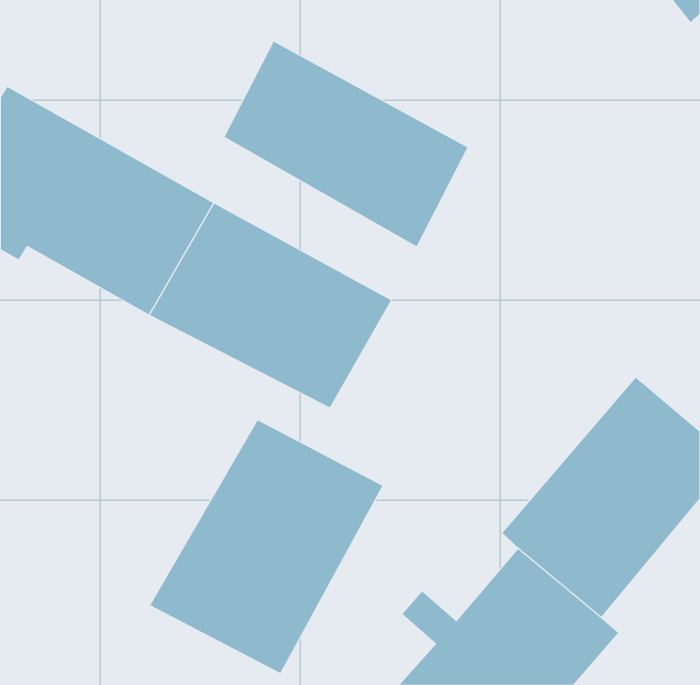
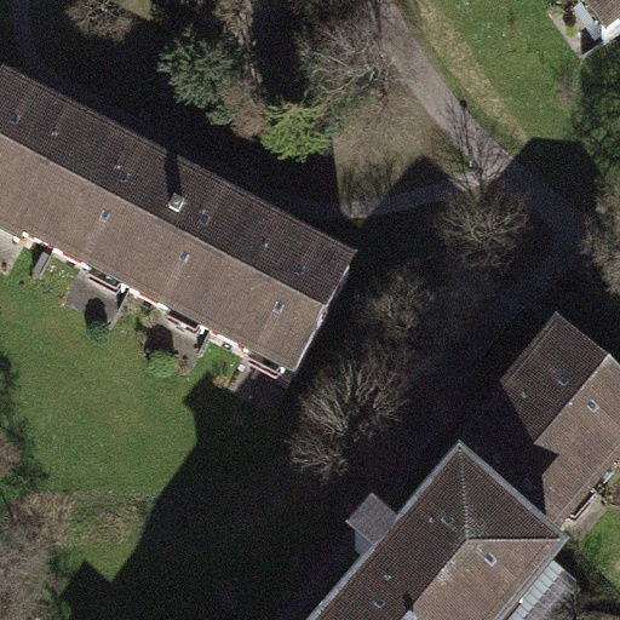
building: [224,41,468,247] -> none
building: [150,419,383,674] -> none

